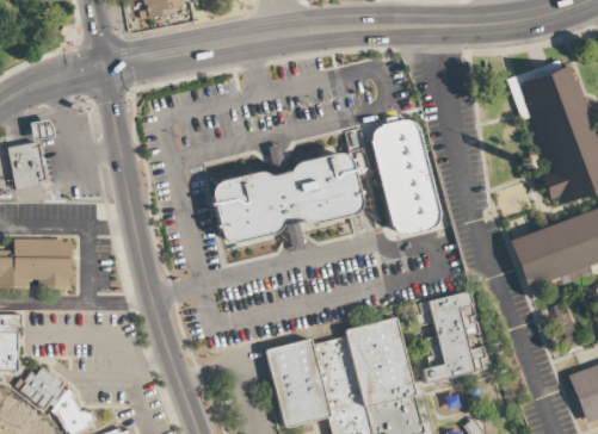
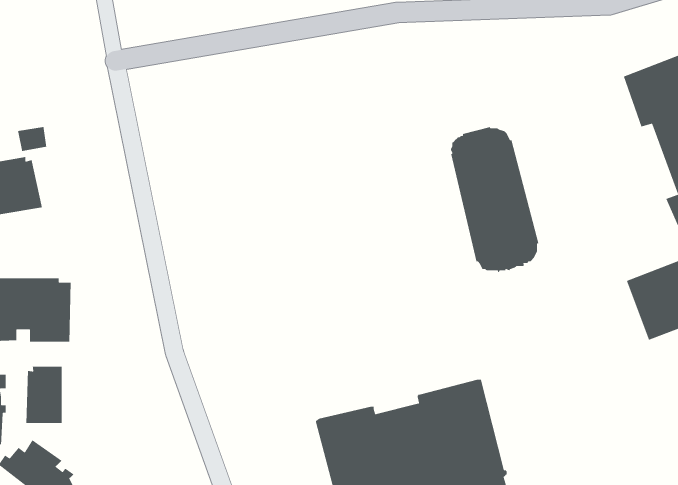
building: [212,154,363,243] -> none
building: [424,292,487,384] -> none
building: none -> [25,366,63,424]

